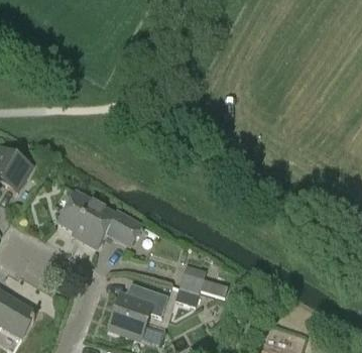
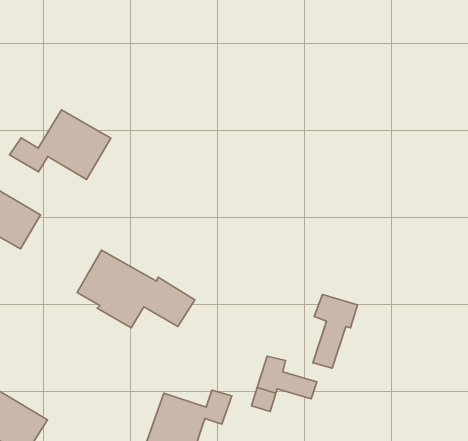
building: none -> [10,110,111,179]
building: none -> [313,295,358,368]

